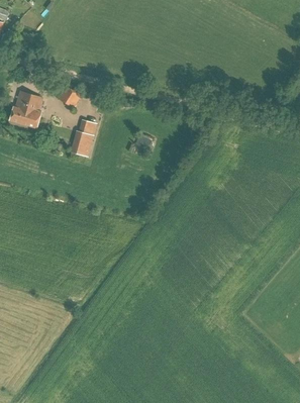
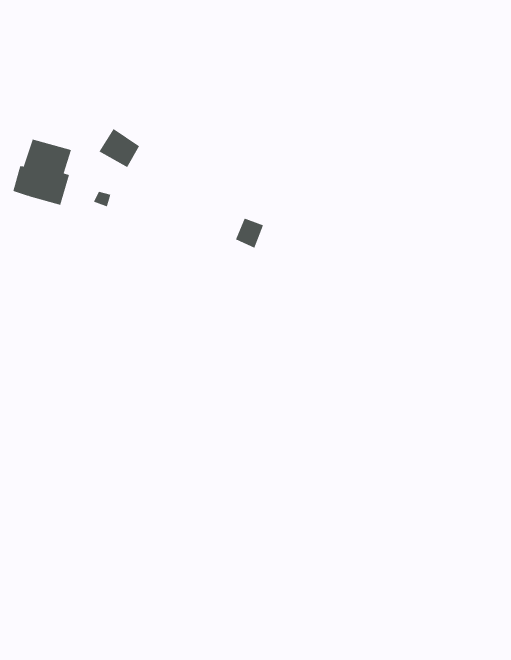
building: [71,129,94,157] -> none

